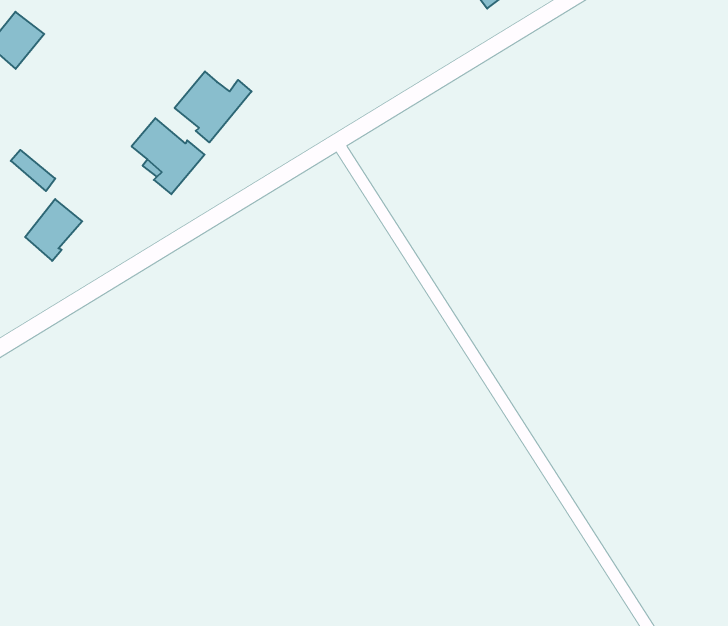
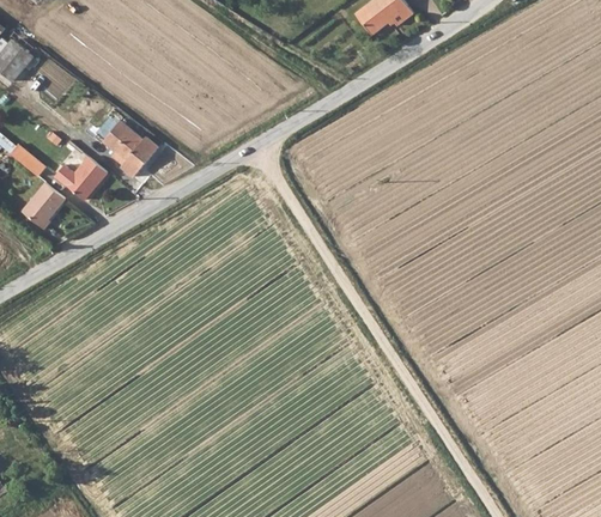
building: [175,71,252,142] -> none
building: none -> [53,154,105,199]

